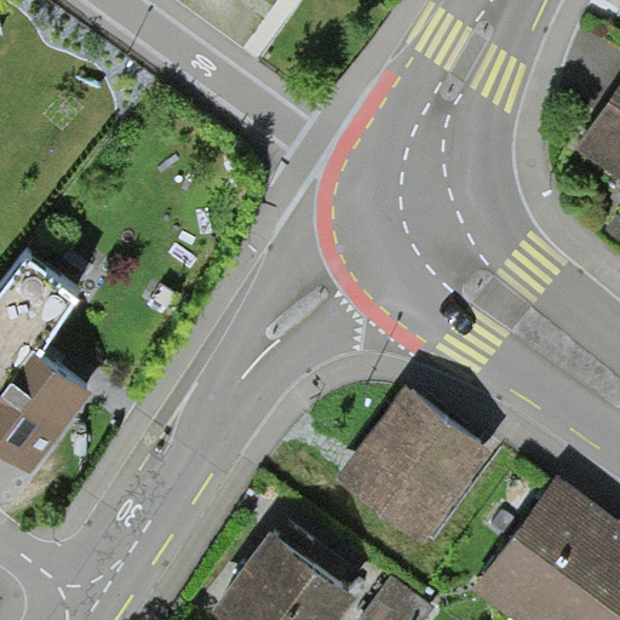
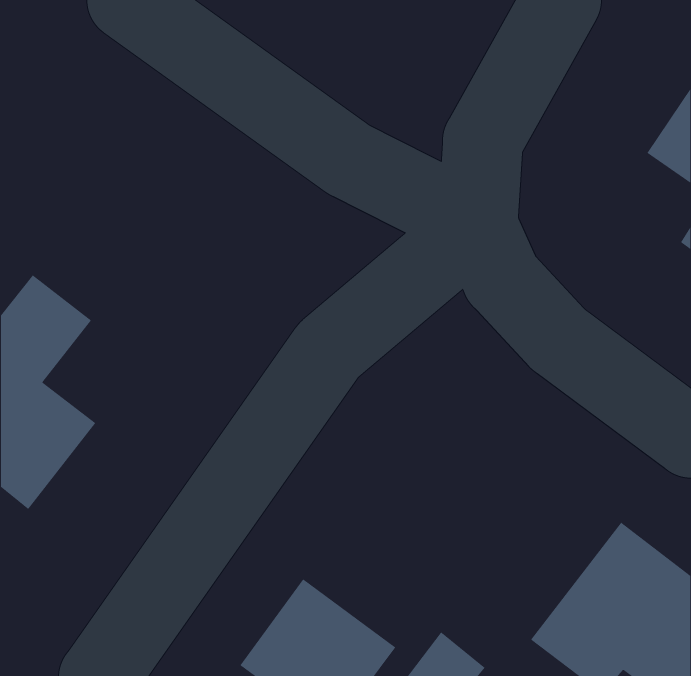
building: [339,390,494,544] -> none

